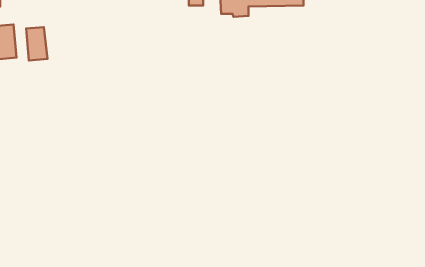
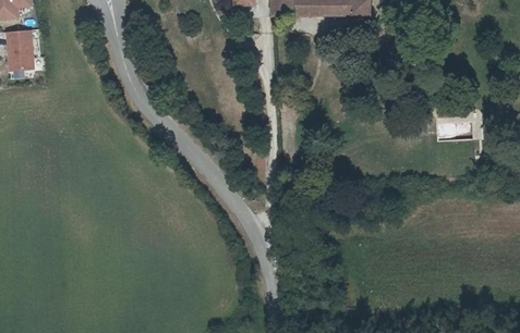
building: [26,27,48,60] -> none

